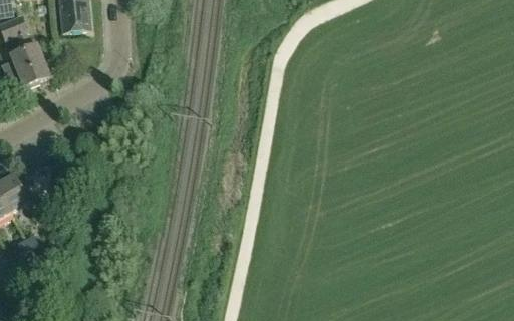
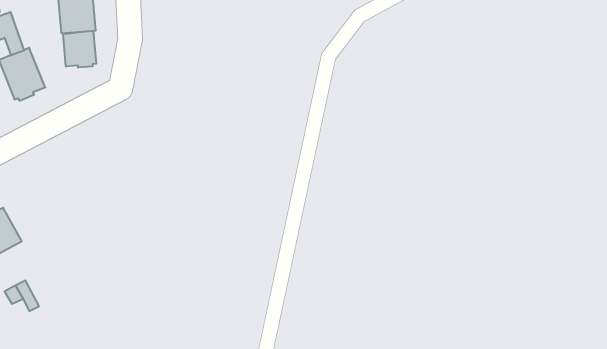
building: none -> [63,31,96,68]

